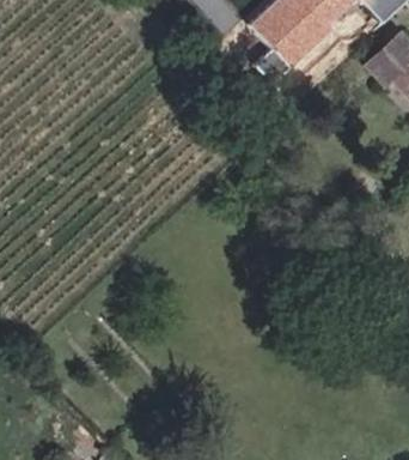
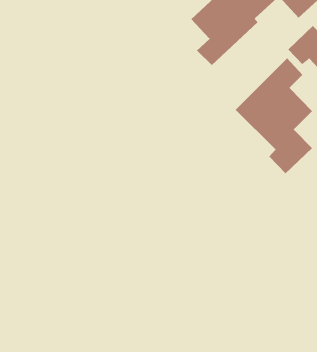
building: none -> [235,57,313,174]

